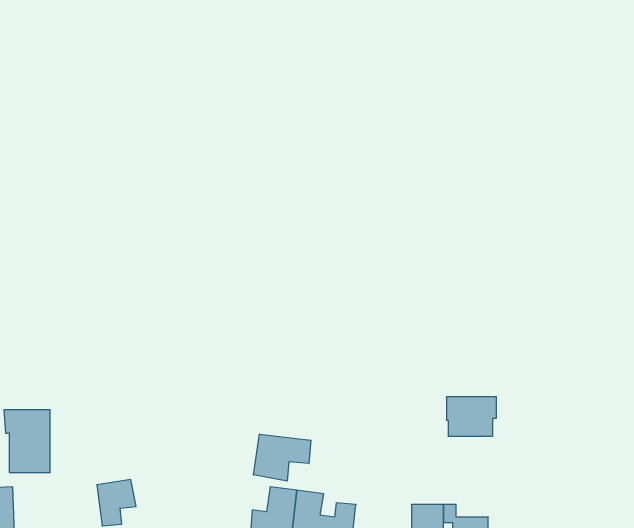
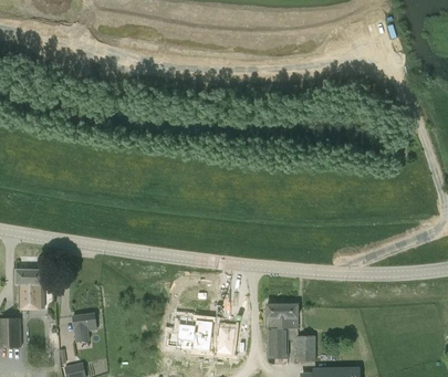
building: [446,397,496,436] -> [267,304,298,328]
building: [254,434,311,481] -> none

